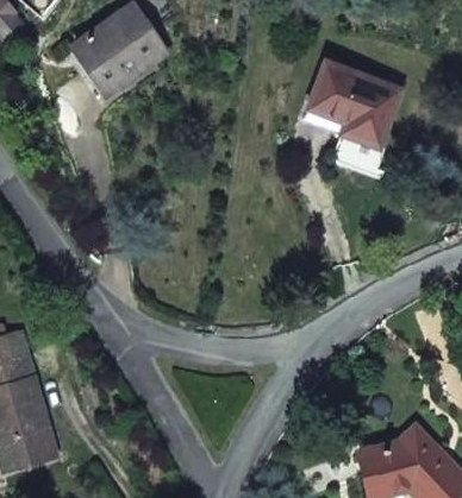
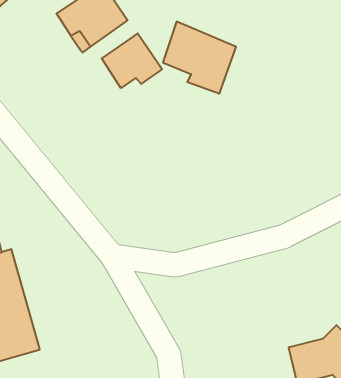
building: [310,59,399,147] -> [163,22,236,94]
building: none -> [102,33,162,88]

